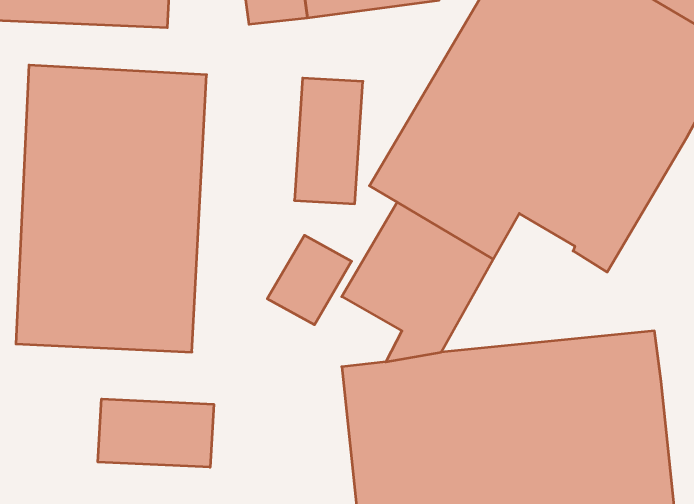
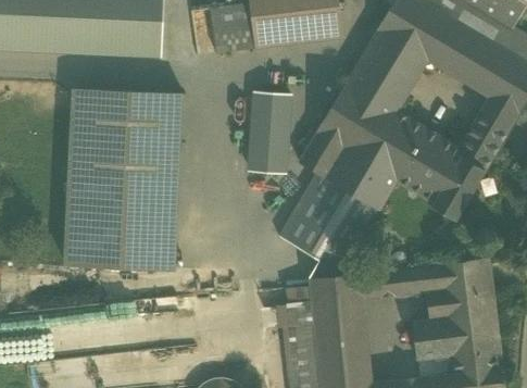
building: [267,235,352,325] -> none
building: [98,399,214,467] -> none

